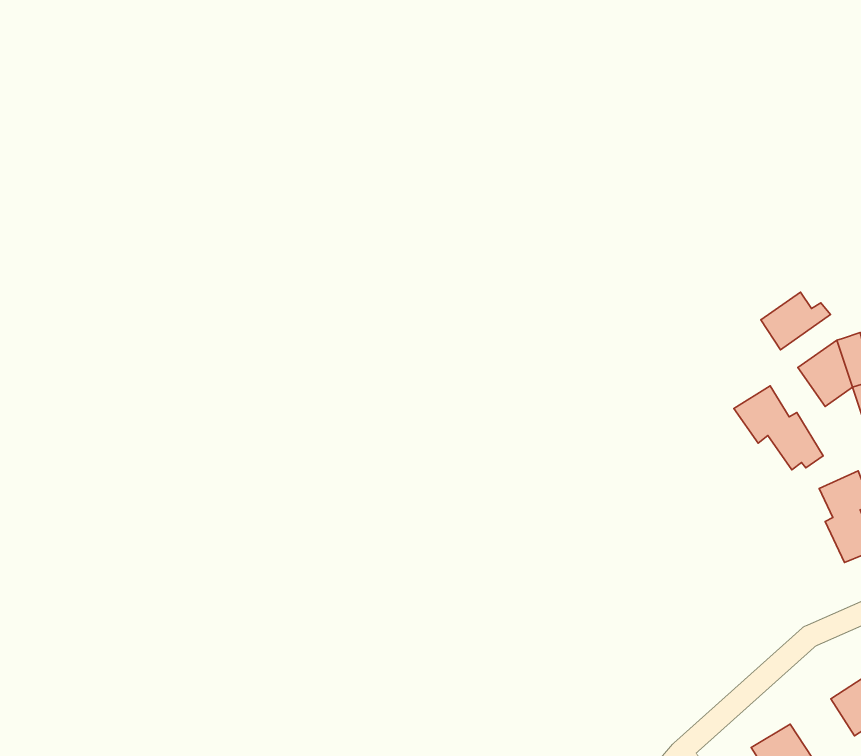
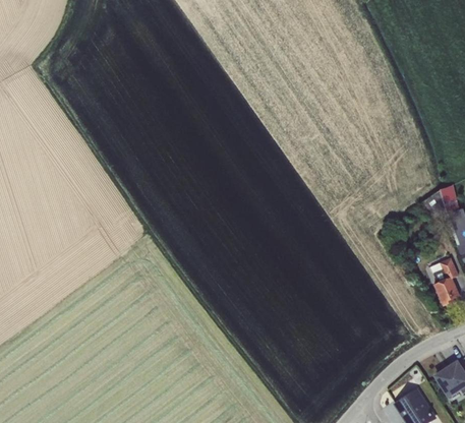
building: [761,292,831,350] -> none
building: [734,386,823,470] -> none

